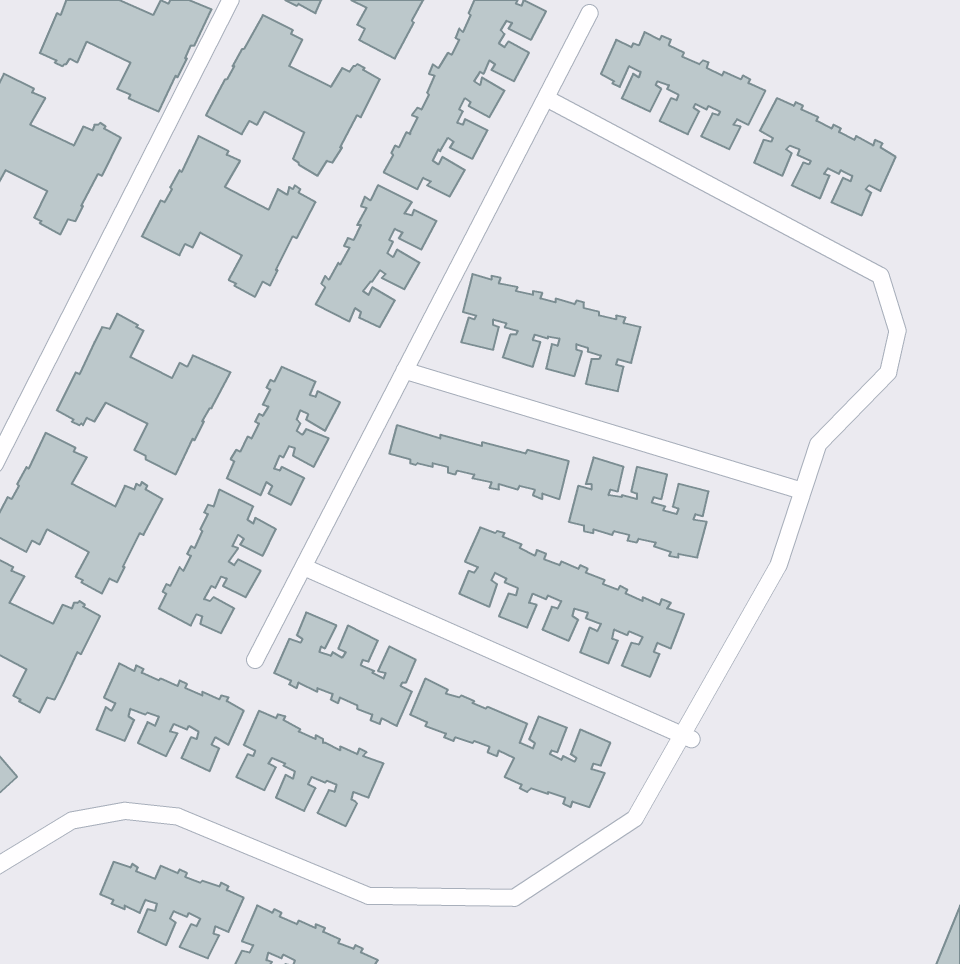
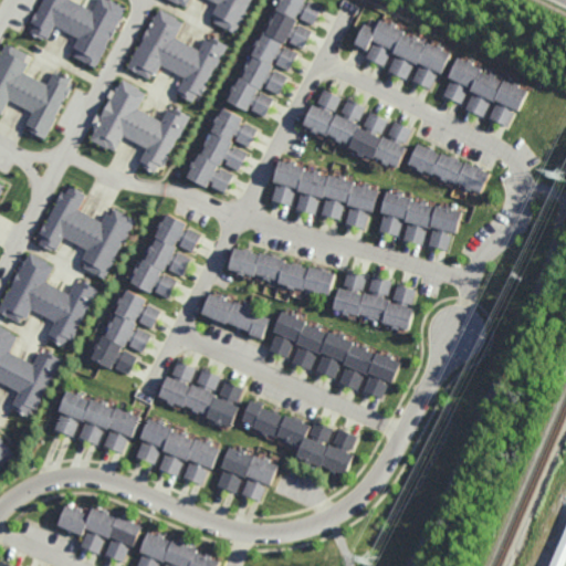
building: none -> [302,91,408,169]
building: none -> [405,145,488,195]
building: none -> [377,193,459,249]
building: none -> [205,291,269,337]
building: none -> [220,446,277,501]

